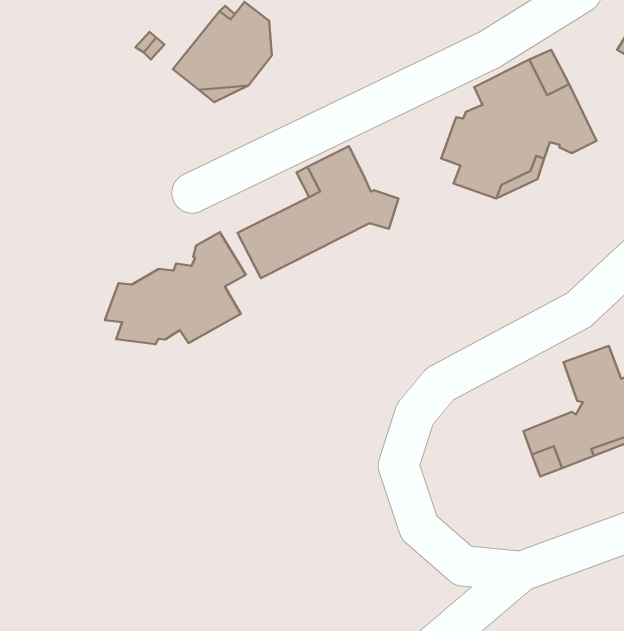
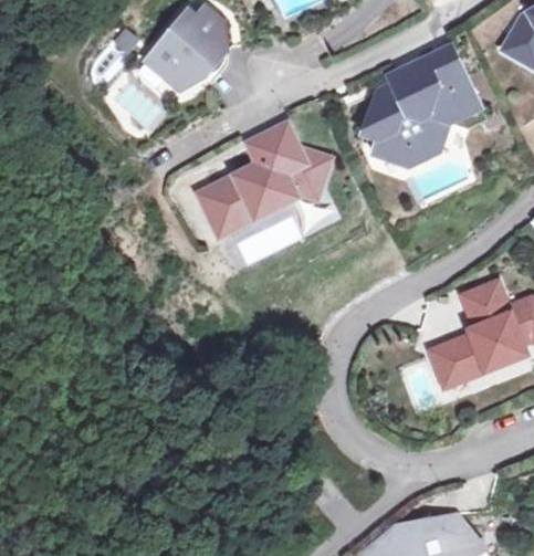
building: none -> [217,144,334,233]
building: [105,232,246,344] -> none

